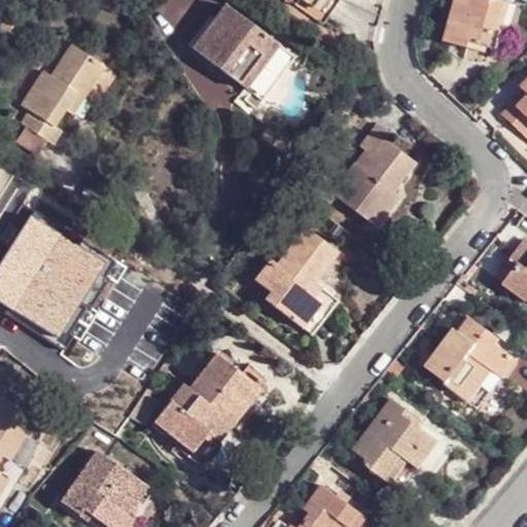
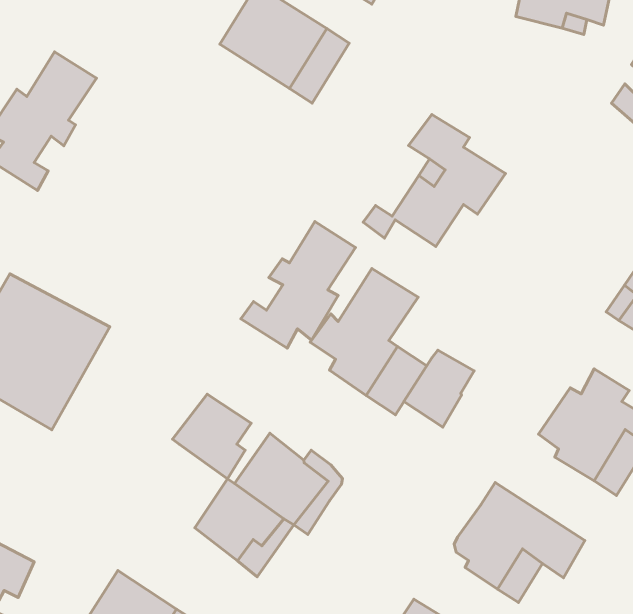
building: [357,183,401,229] -> none
building: none -> [241,222,355,348]
building: none -> [404,350,474,427]
building: none -> [172,394,251,479]

